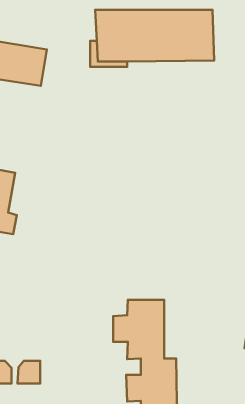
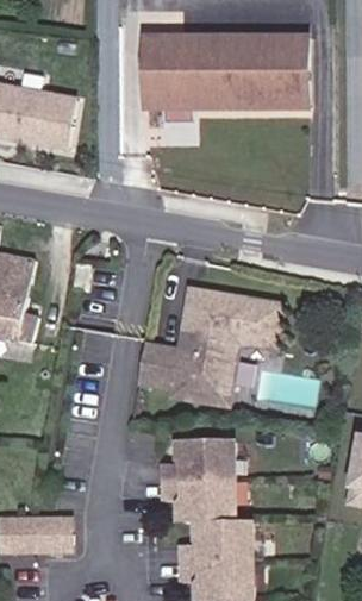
building: none -> [136,290,281,405]

